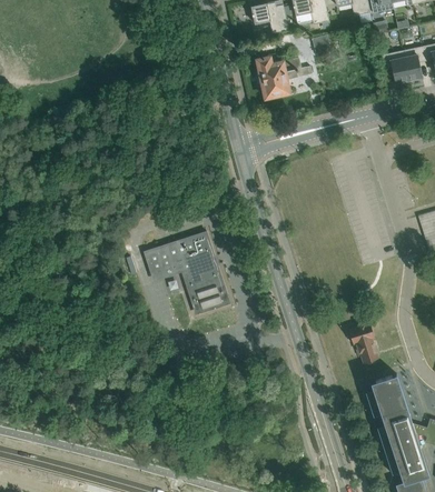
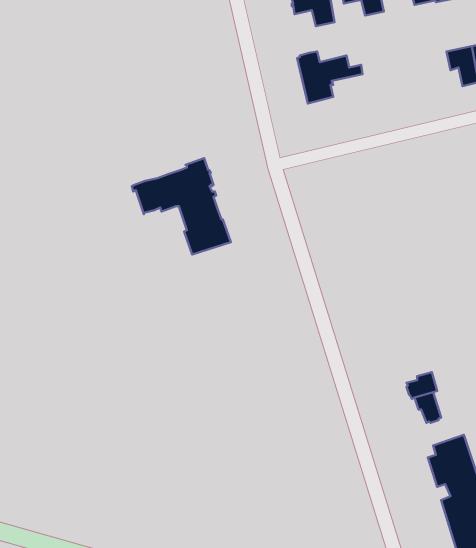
building: [146,231,228,311] -> [132,158,231,254]

